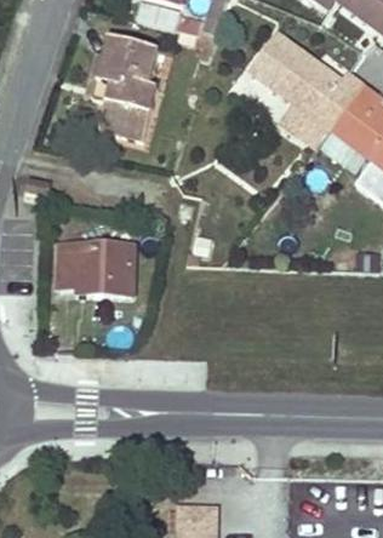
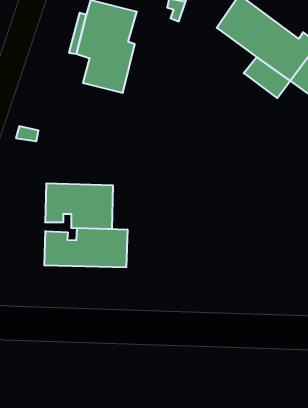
building: none -> [44,228,127,267]

